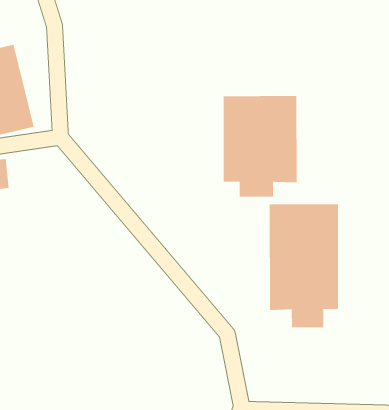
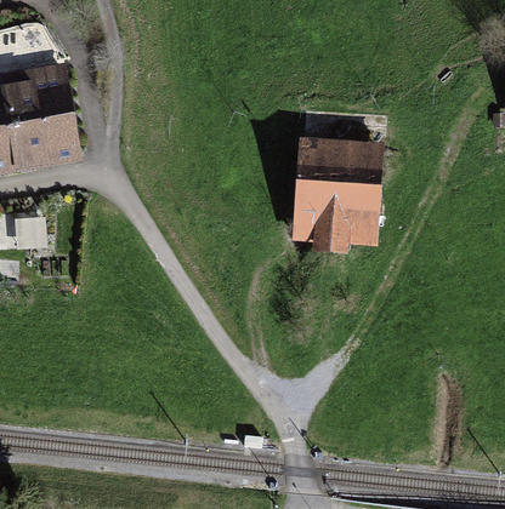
building: [269,204,339,328] -> none

